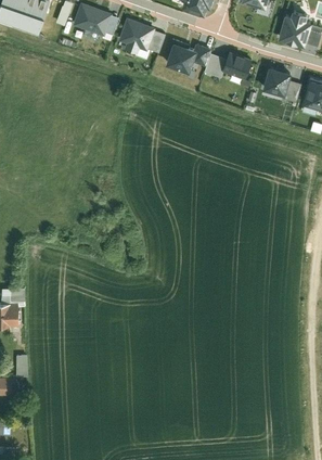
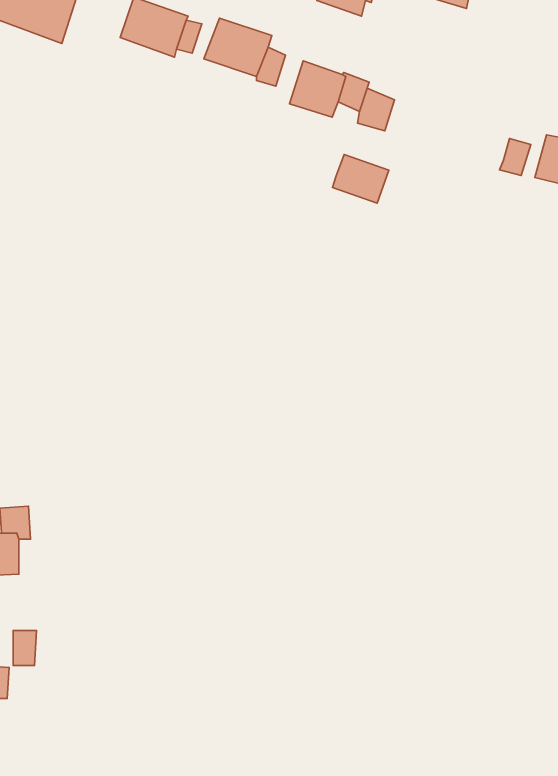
building: [279,16,311,49] -> none
building: [223,50,255,77] -> [332,155,389,203]
building: [263,66,292,95] -> none

